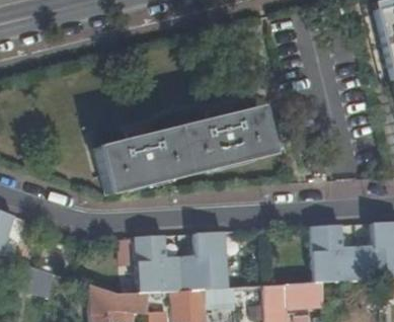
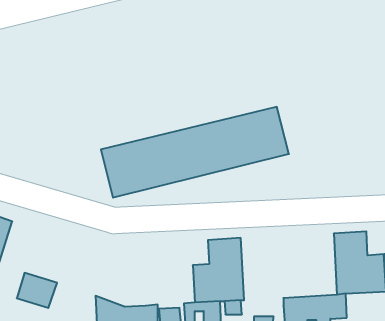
building: [133,235,181,294] -> none

